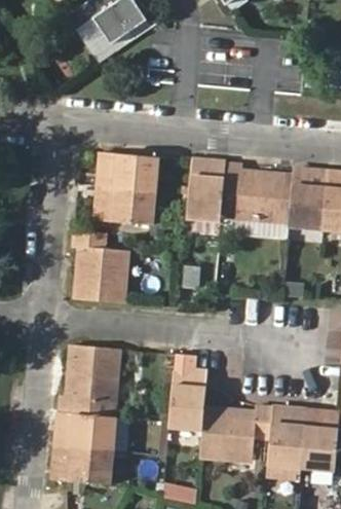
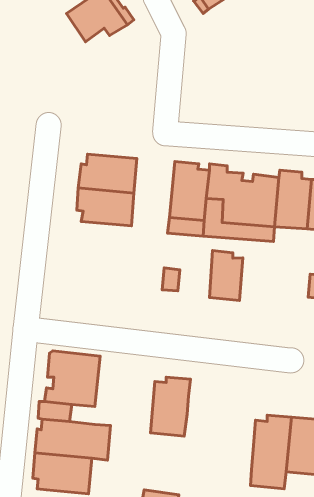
building: [72,230,126,302] -> none
building: none -> [209,251,243,300]
building: [199,405,272,462] -> none

